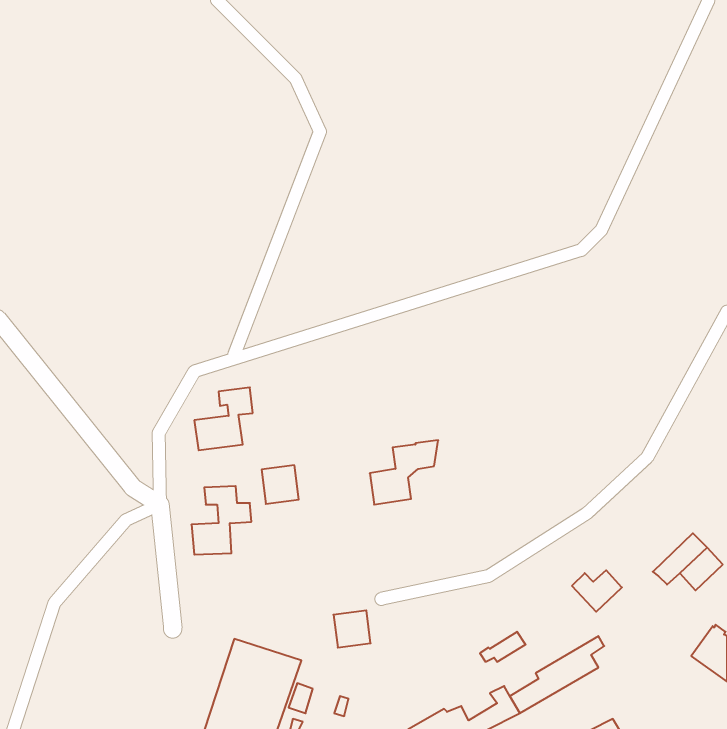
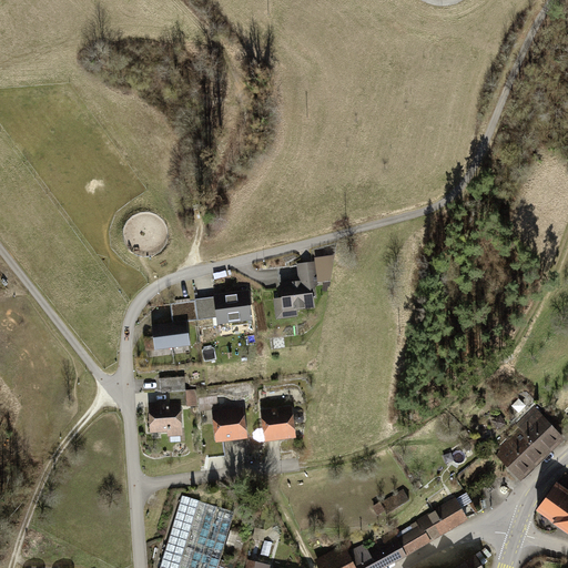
building: none -> [214,294,250,324]
building: [370,440,438,505] -> [280,261,333,311]
building: [262,465,299,504] -> [214,410,243,440]
building: [572,570,622,612] -> [501,446,540,478]
building: [333,610,371,648] -> [263,410,292,439]

